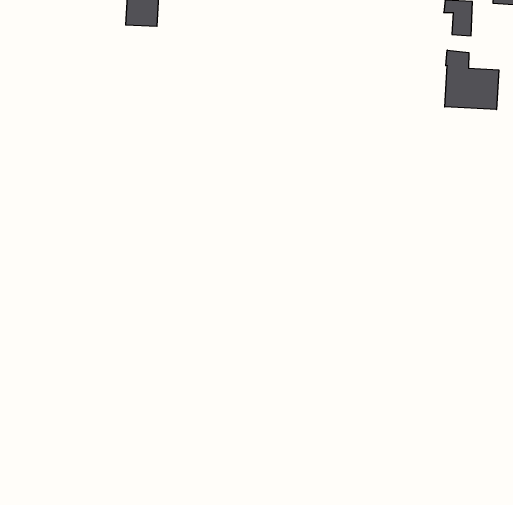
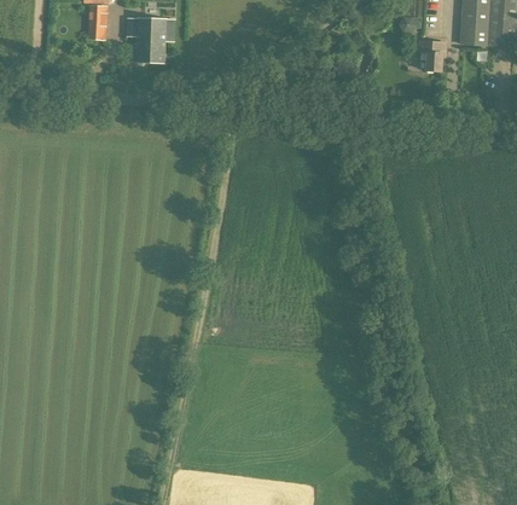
building: [445,50,499,110] -> none

